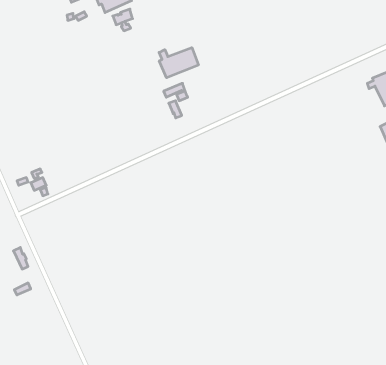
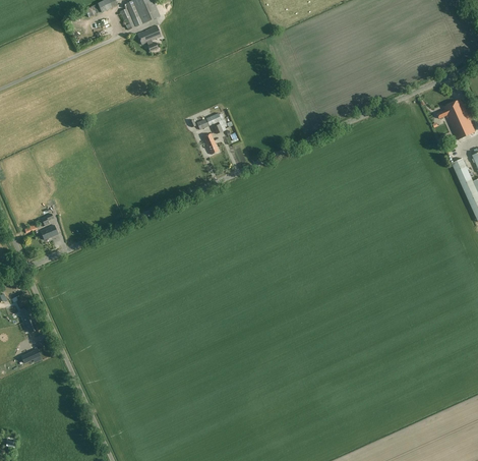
building: [159,48,198,78] -> none

